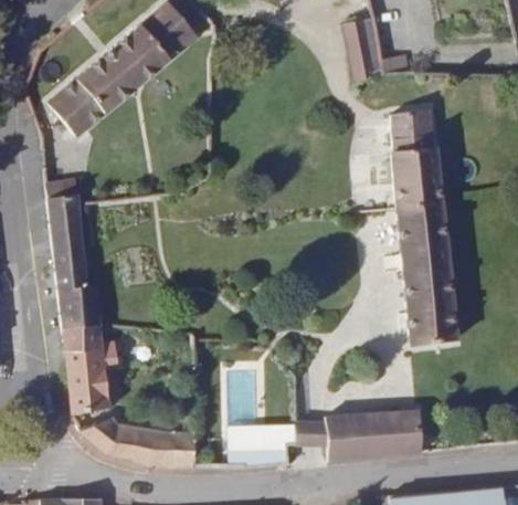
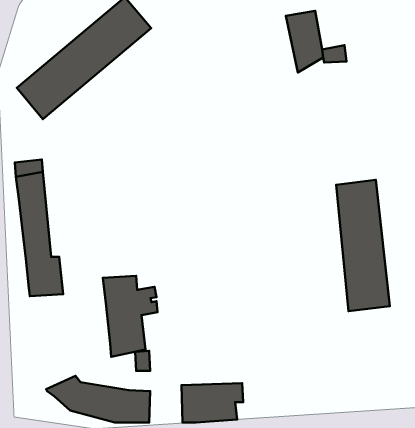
building: [393,109,442,208] -> none
building: [64,327,124,415] -> [103,276,158,357]
building: [326,411,423,462] -> none

